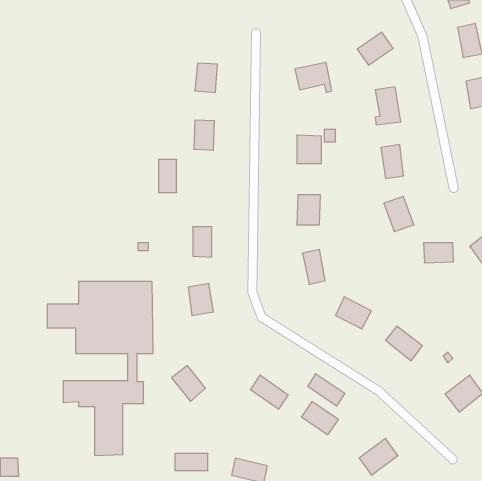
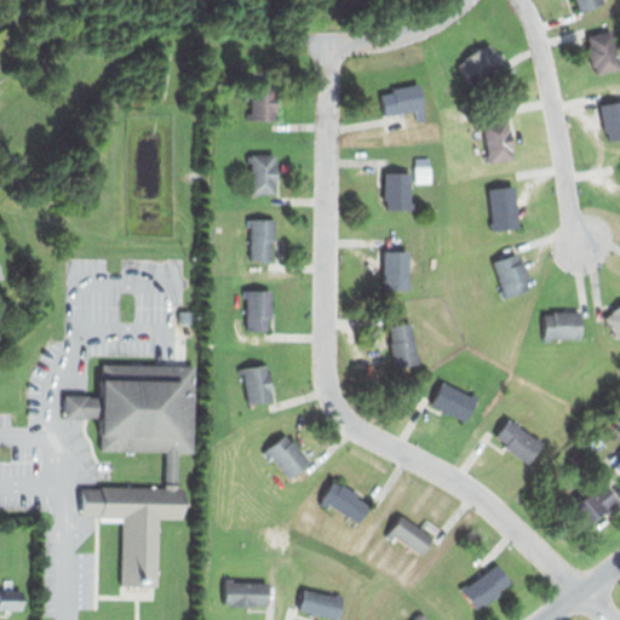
building: [159,159,177,193] -> [252,220,275,263]
building: [172,366,206,402] -> [266,436,310,482]
building: [308,374,345,406] -> none

